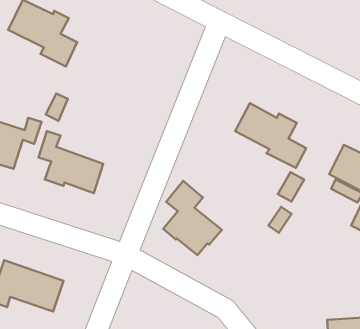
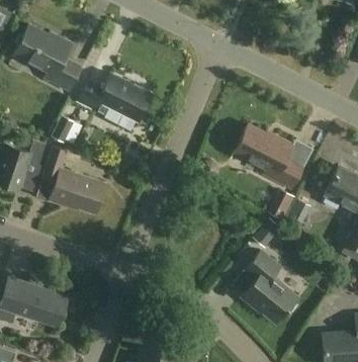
building: none -> [77,75,151,122]
building: [163,181,222,255] -> [242,251,298,323]

